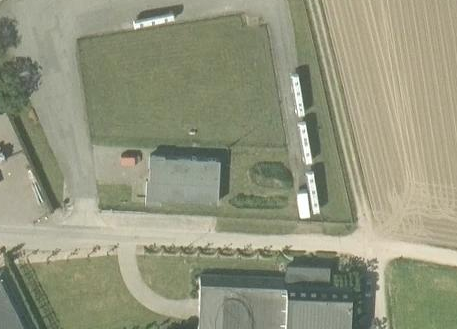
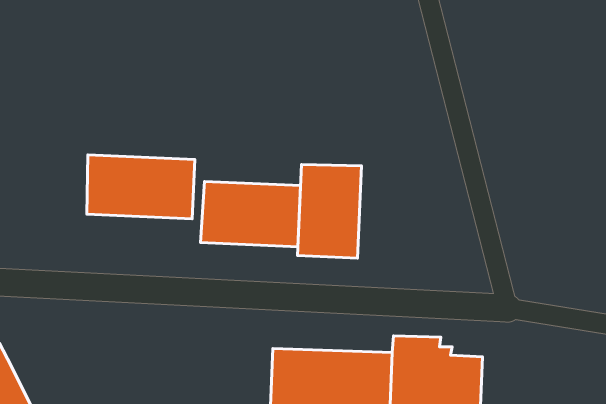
building: none -> [87,155,195,219]
building: none -> [297,165,362,258]

